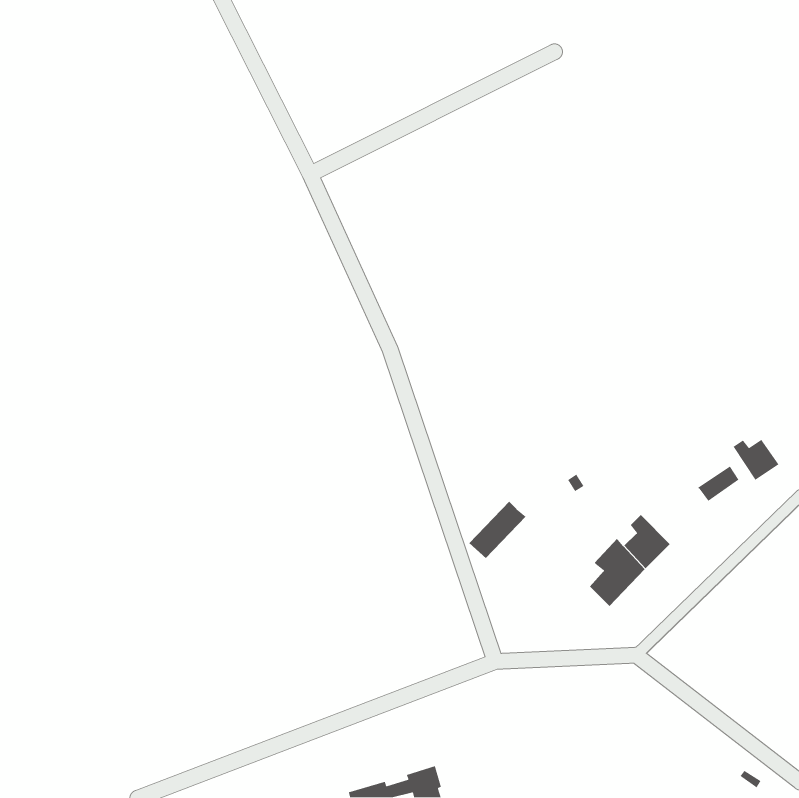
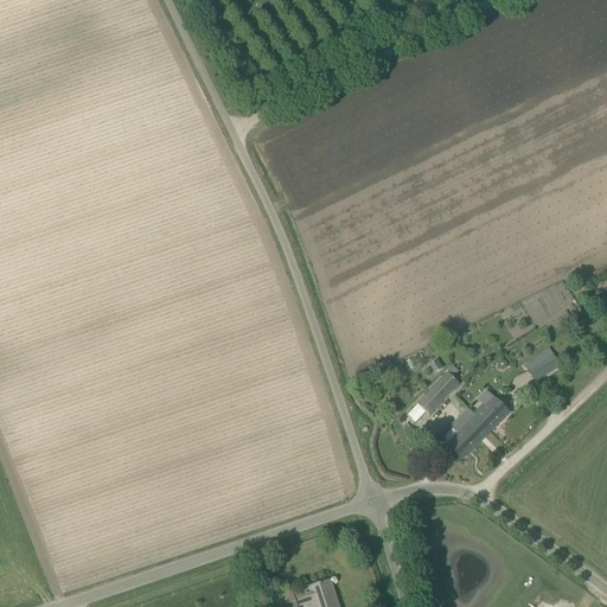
building: [732,439,780,481] -> none
building: [468,501,526,559] -> [417,371,461,415]

